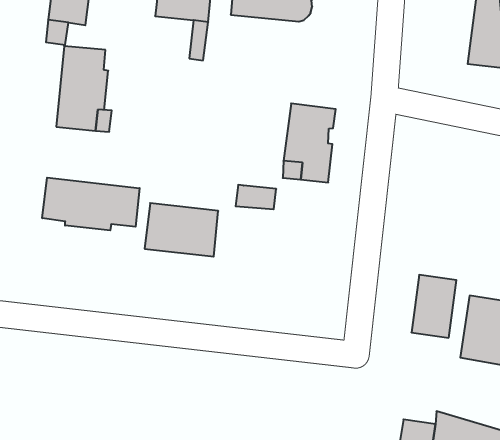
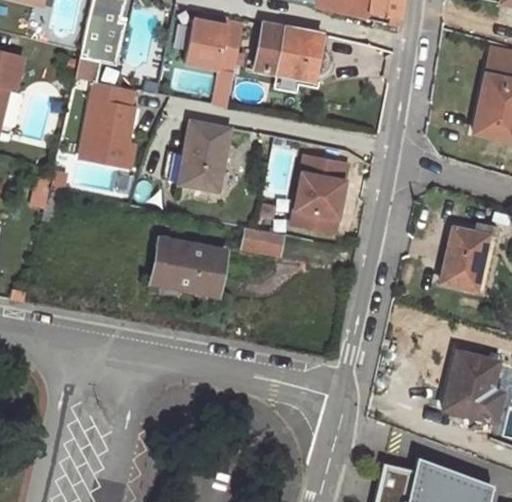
building: none -> [177,120,231,192]
building: [42,178,140,230] -> none
building: [411,275,456,338] -> [442,227,489,289]

